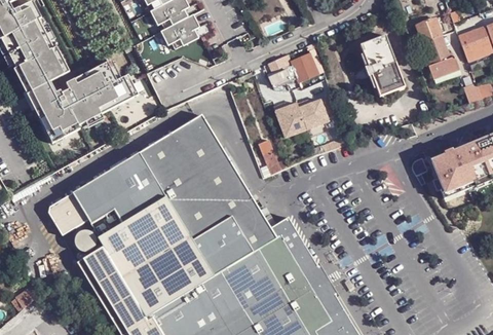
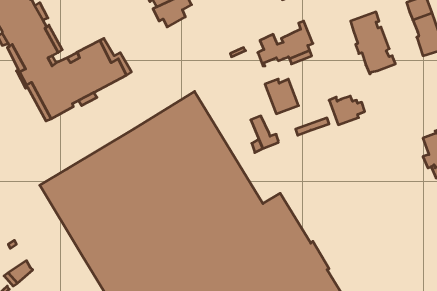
building: [298,100,334,128] -> [329,96,365,125]

